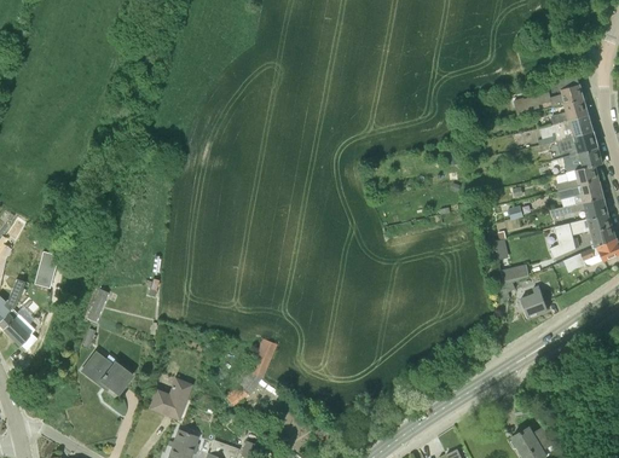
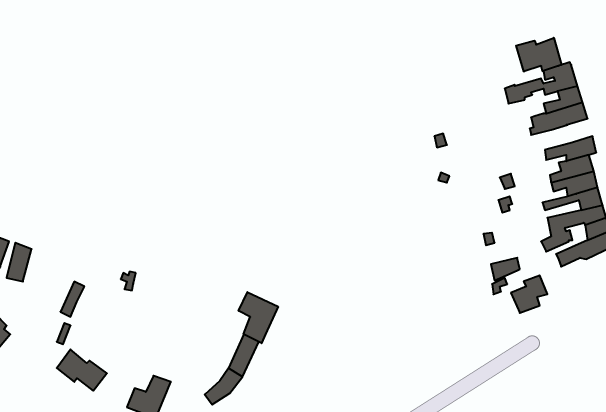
building: none -> [516,38,561,72]
building: [559,131,598,156] -> none
building: none -> [239,292,278,343]

